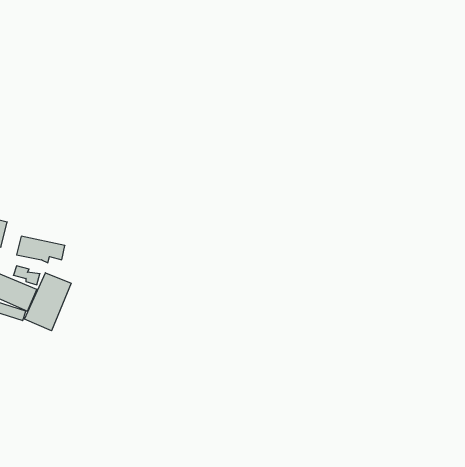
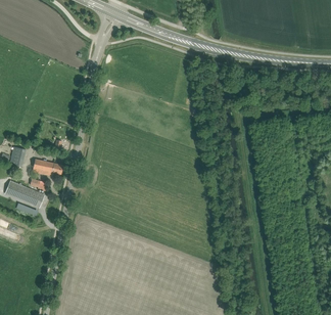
building: [24,273,71,331] -> none

